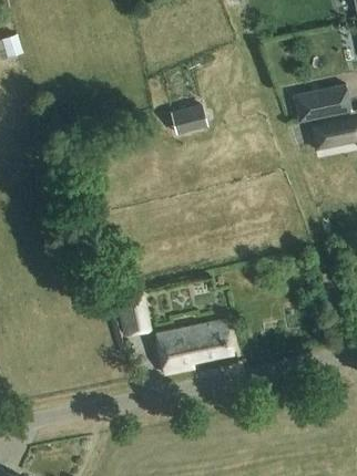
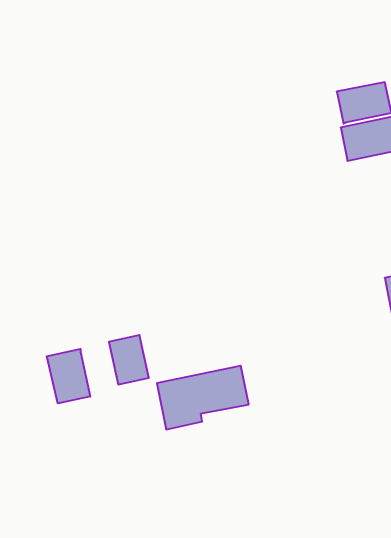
building: [172,104,206,132] -> none
building: none -> [47,349,90,403]

